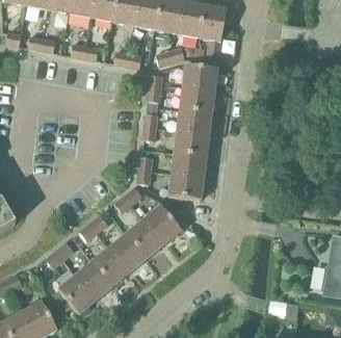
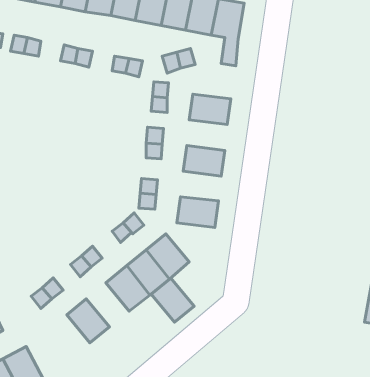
building: [183,64,217,90] -> none
building: [178,108,212,134] -> none
building: [173,152,207,177] -> none
building: [93,246,129,284] -> [151,278,194,322]
building: [58,274,96,312] -> none

